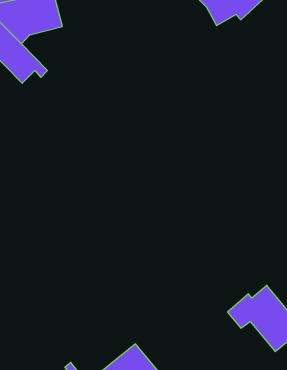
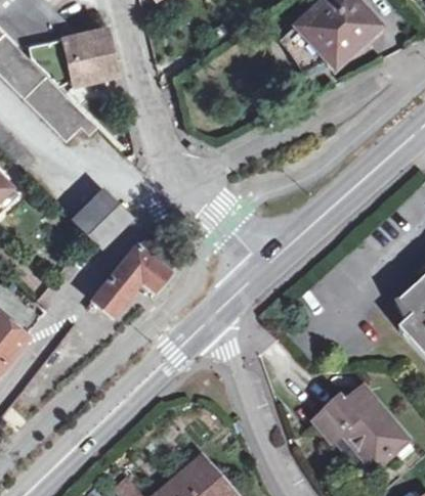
building: none -> [76,189,129,244]
building: none -> [93,237,176,313]

